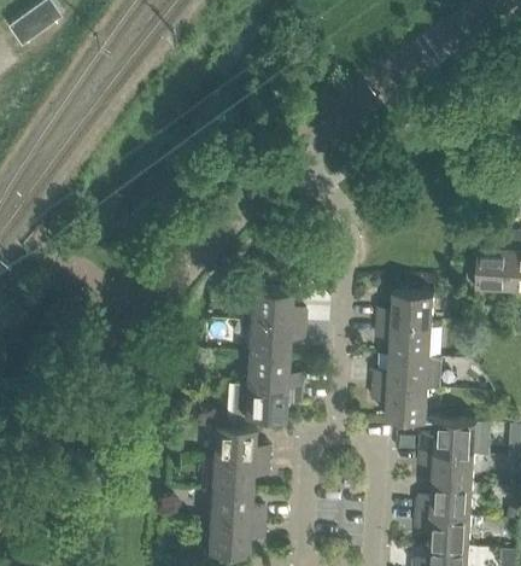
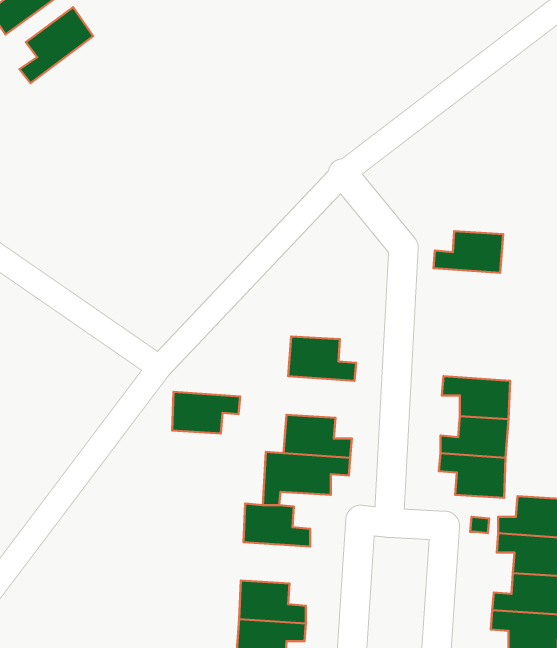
building: none -> [20,7,93,83]
building: [377,293,434,327] -> [433,231,503,273]
building: [250,323,305,357] -> [172,392,240,433]
building: [212,459,269,492] -> none

